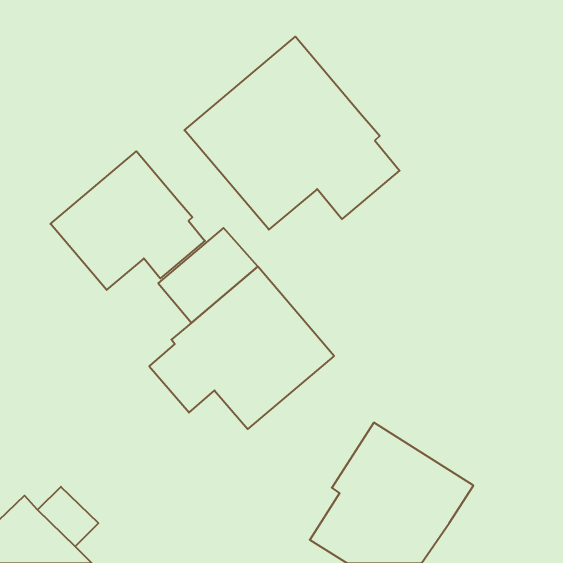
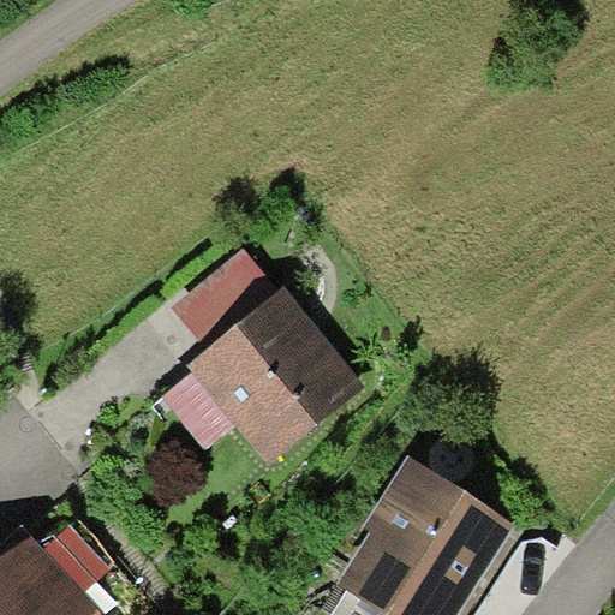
building: [184,37,400,230] -> none
building: [50,151,205,290] -> none

